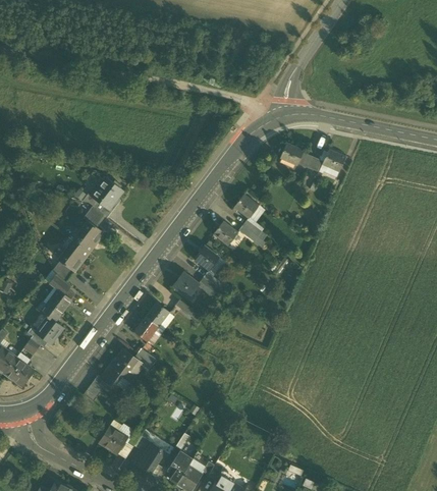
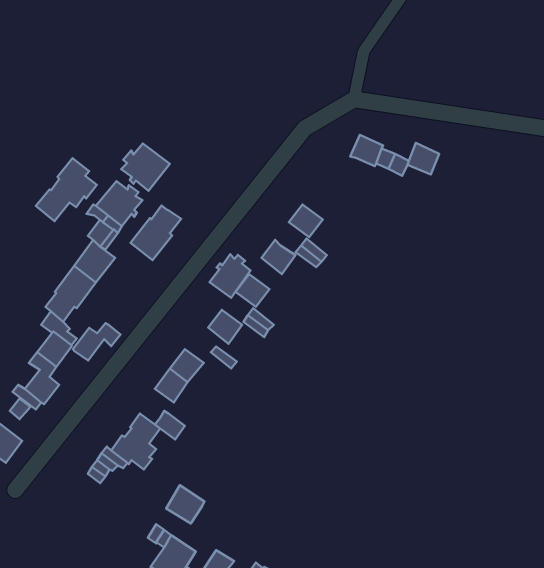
building: none -> [121,144,170,191]
building: none -> [36,158,97,221]
building: none -> [130,205,181,260]
building: none -> [210,254,250,298]
building: none -> [73,323,121,361]
building: [98,425,126,453] -> [166,485,204,524]

